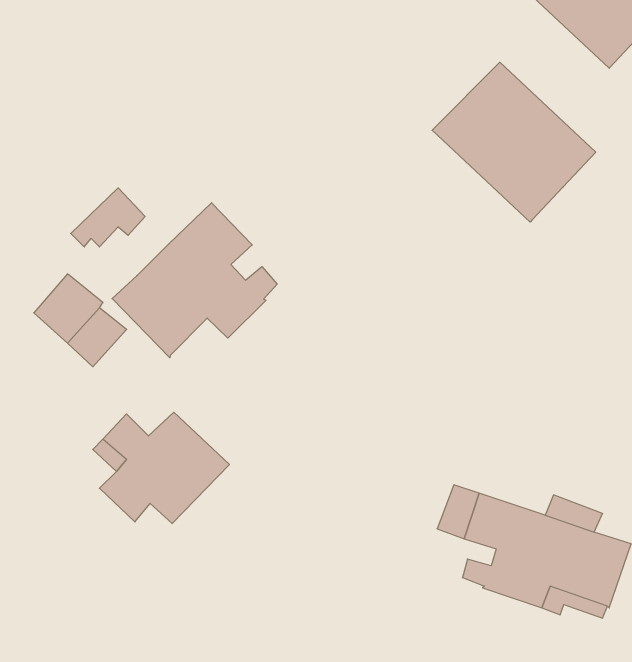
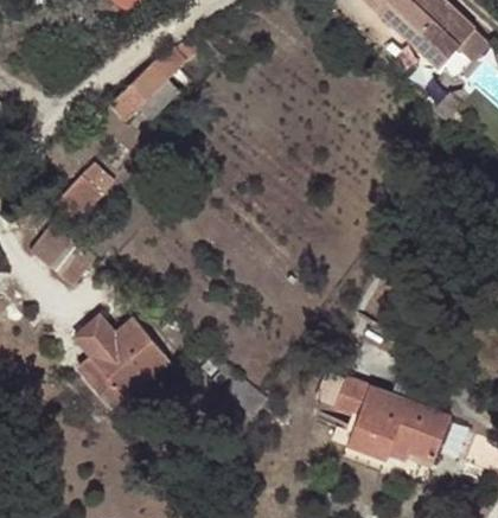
building: none -> [110,38,197,119]
building: [432,62,596,222] -> none
building: [112,203,277,358] -> none

